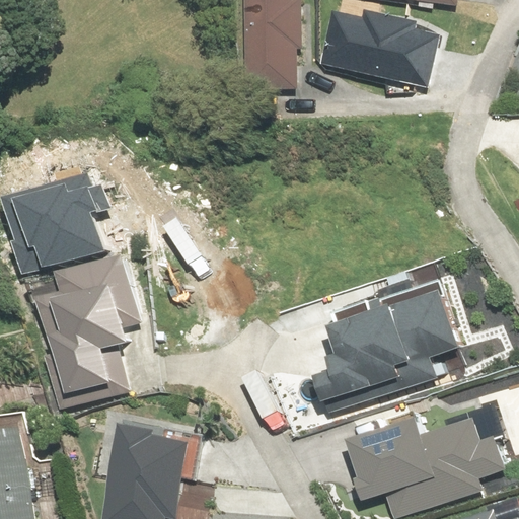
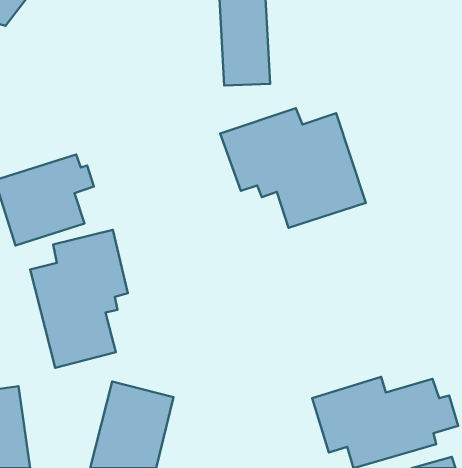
building: [316,6,438,89] -> none
building: none -> [220,108,366,228]
building: [316,288,461,410] -> none

